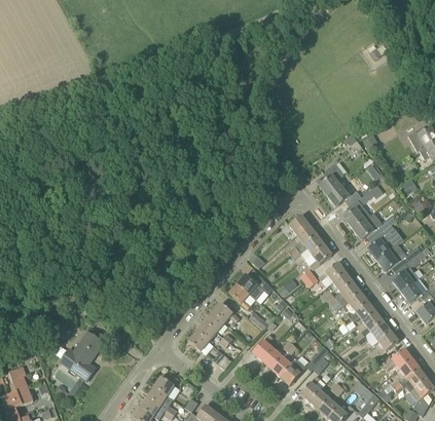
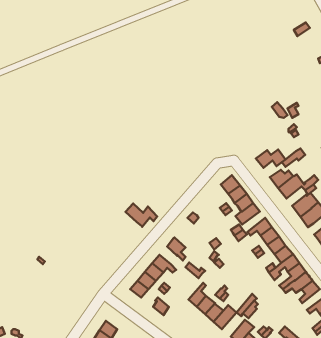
building: [319,162,342,195] -> none
building: [237,273,271,299] -> [126,204,157,227]
building: [59,331,103,379] -> none

